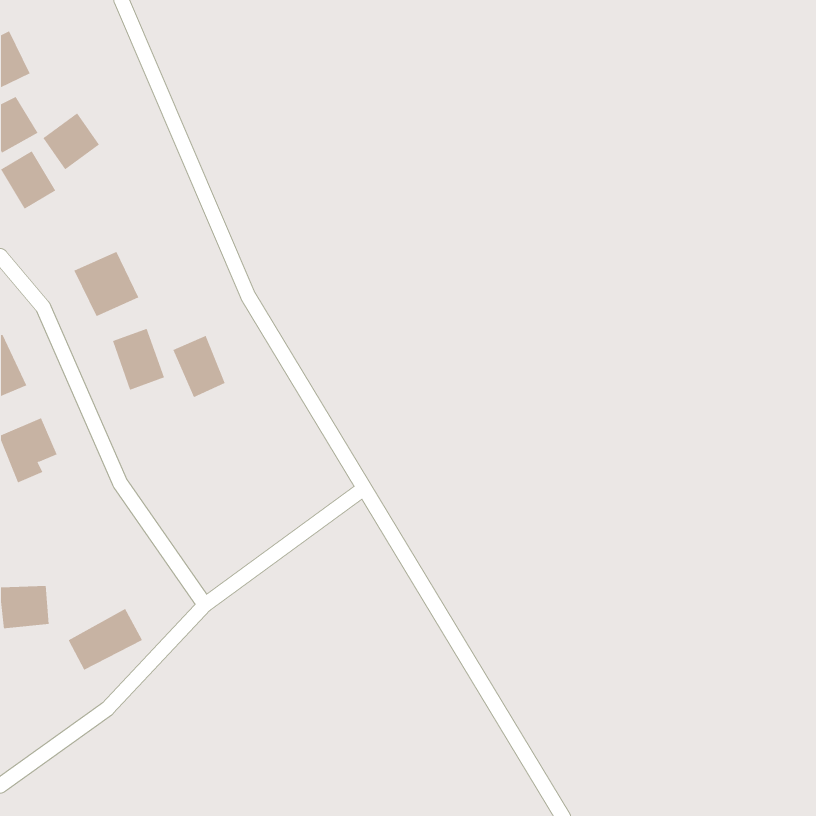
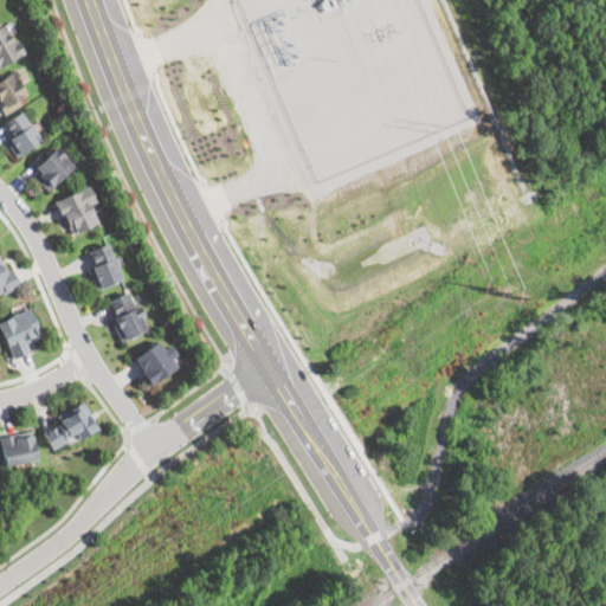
building: [42,113,100,170] -> [32,147,75,189]
building: [173,335,225,398] -> [108,294,147,340]
building: none -> [136,340,178,385]
building: [68,608,143,671] -> [41,406,97,452]

